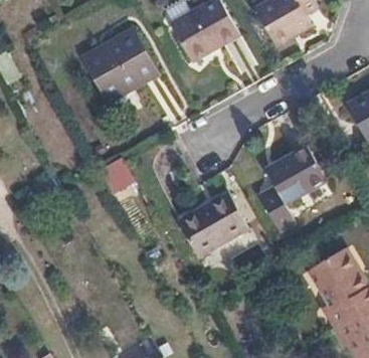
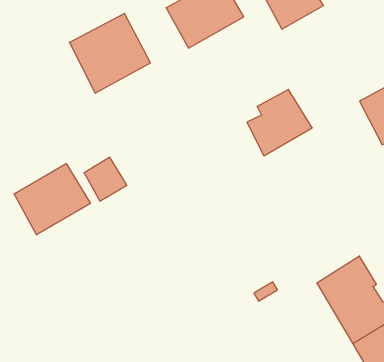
building: [266,146,325,205] -> [247,89,312,156]
building: none -> [14,164,90,235]
building: [175,191,246,257] -> none

